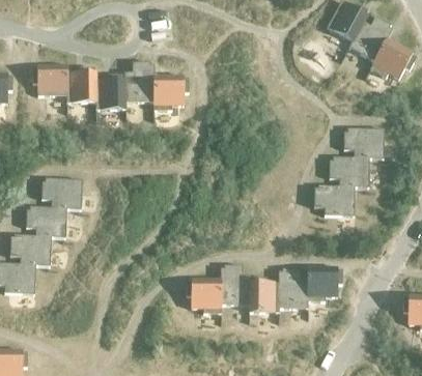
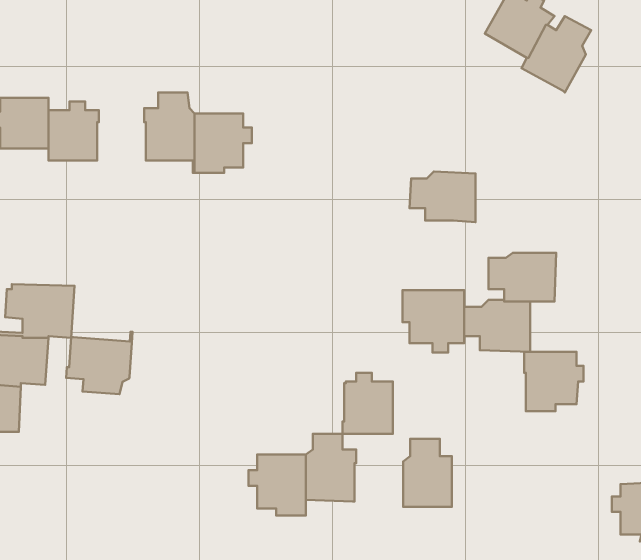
building: [369,39,413,79] -> none
building: [95,75,125,110] -> none
building: [343,128,383,158] -> [410,172,476,222]
building: none -> [402,290,464,352]
building: none -> [66,332,133,394]
building: [306,266,341,301] -> [524,352,583,411]
building: [248,277,278,313] -> [342,373,393,434]

